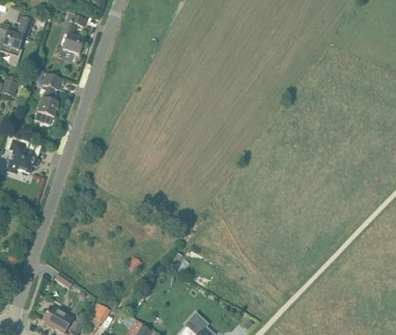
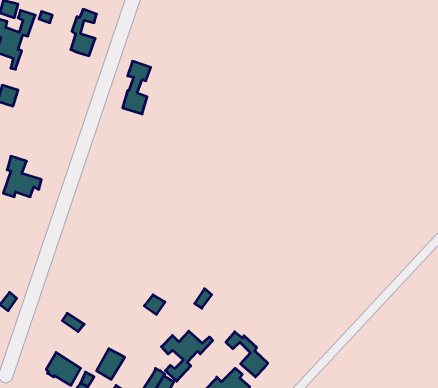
building: [37,72,61,116] -> [123,61,151,114]
building: none -> [161,331,213,381]
building: none -> [226,332,268,377]

